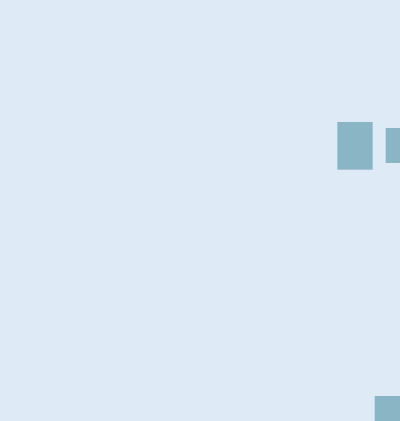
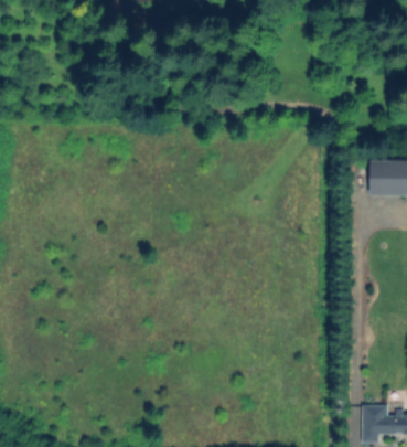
building: [337,121,373,170] -> none

